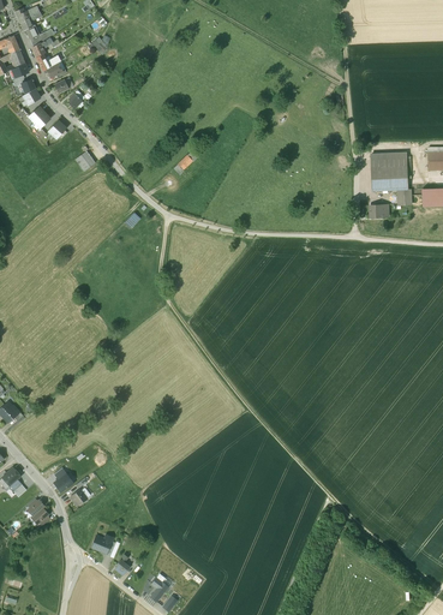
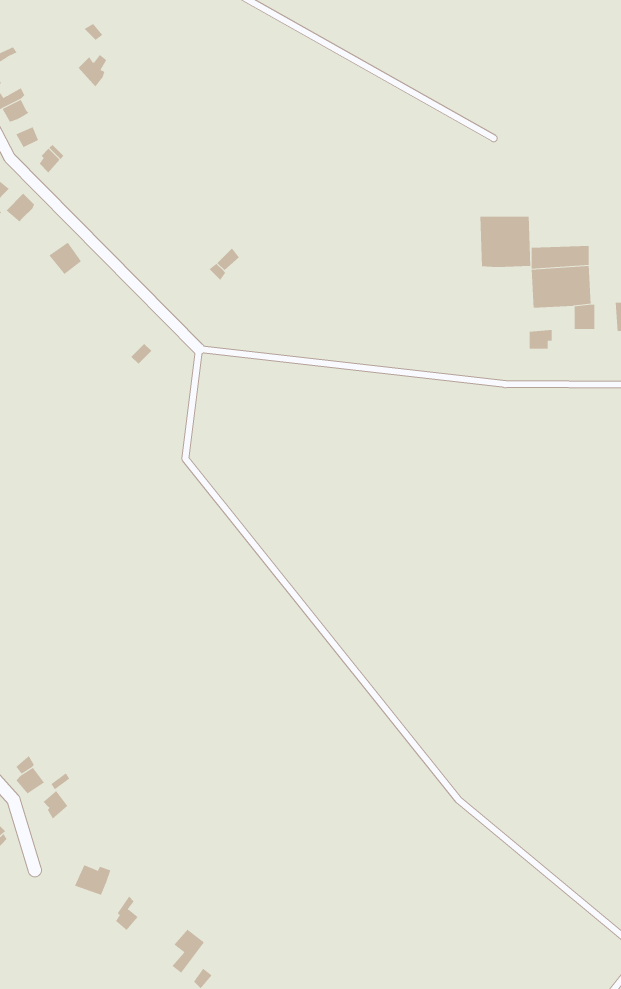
building: none -> [480,216,531,268]

